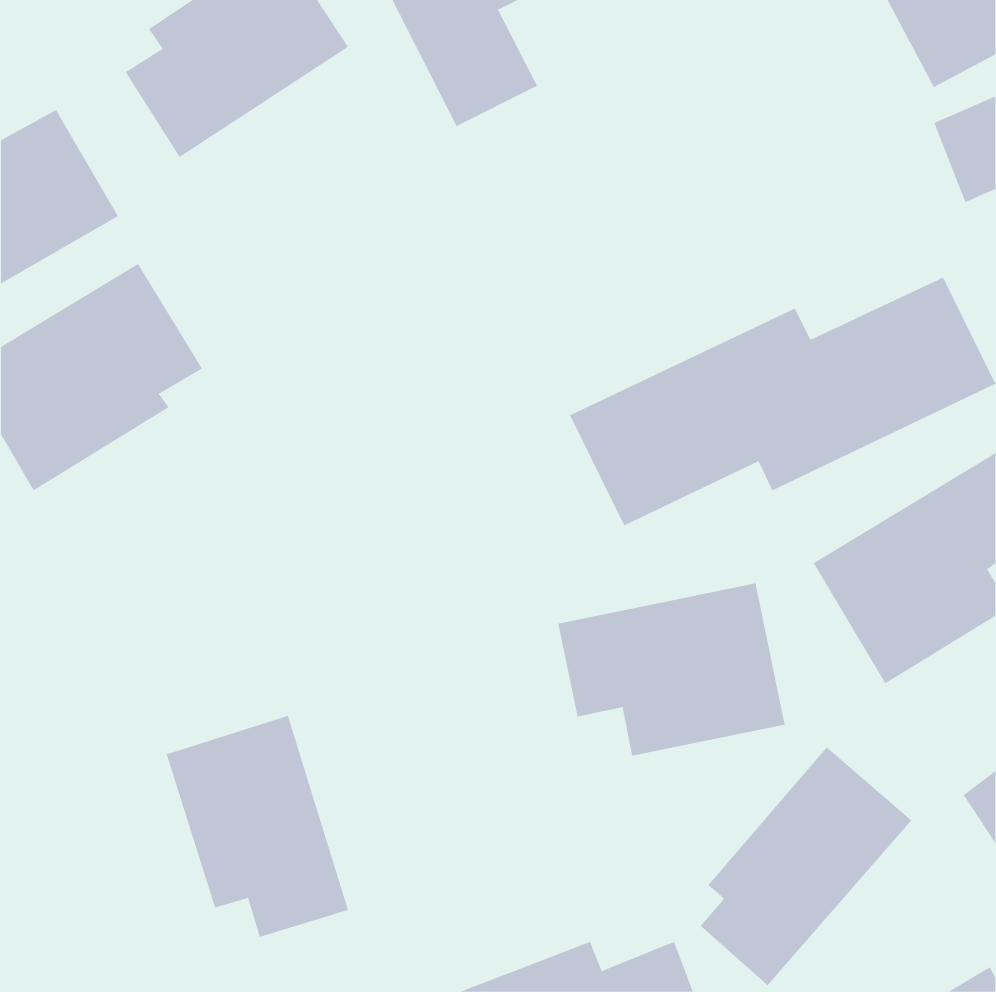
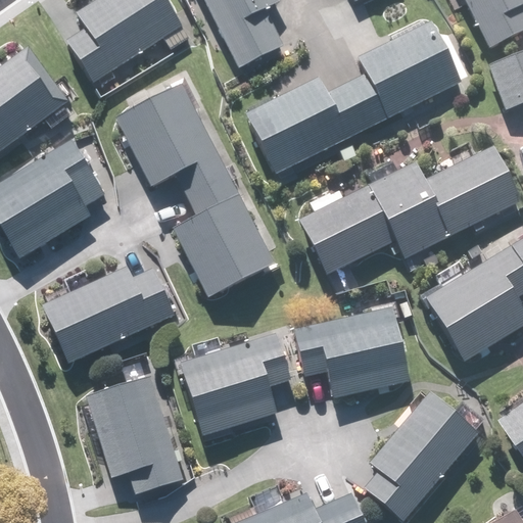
building: none -> [247,22,460,173]
building: none -> [122,83,273,294]
building: none -> [41,263,174,364]
building: none -> [180,331,292,436]

